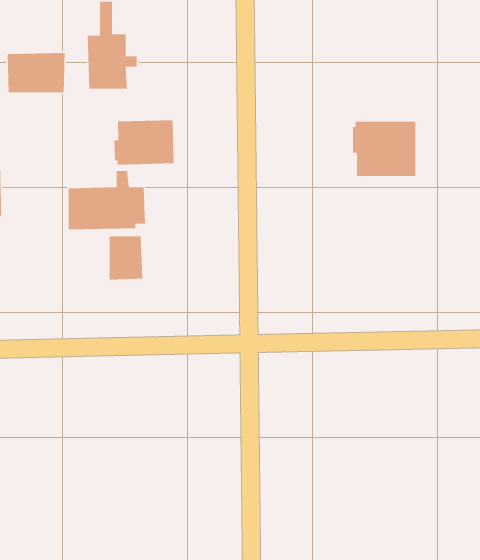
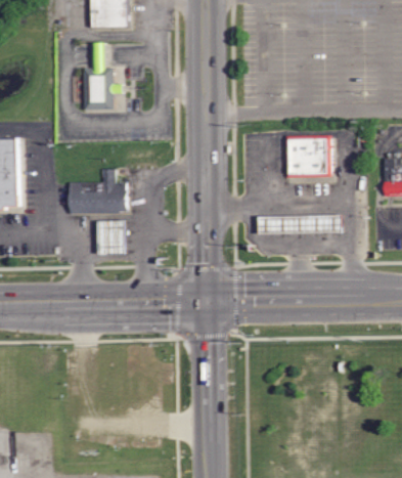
building: [7,52,65,93] -> none
building: [114,119,175,165] -> none

